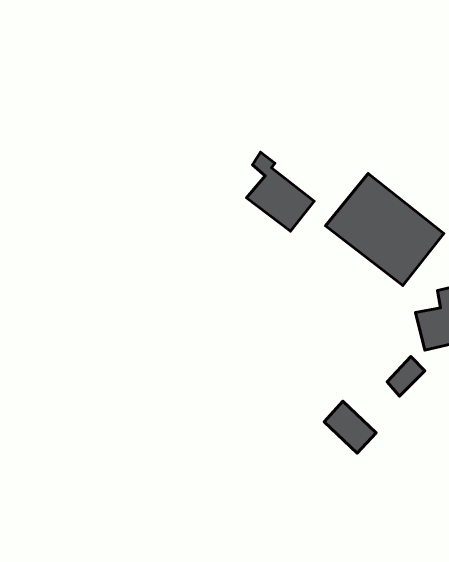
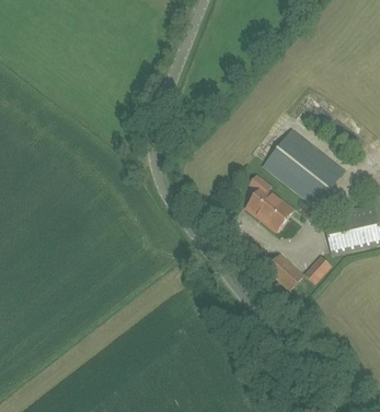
building: [246,152,314,231] -> [245,175,292,229]
building: [324,401,376,453] -> [266,254,302,290]

